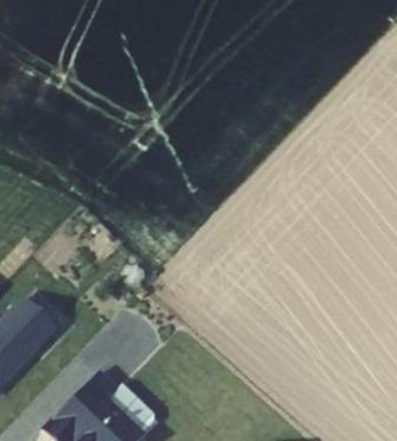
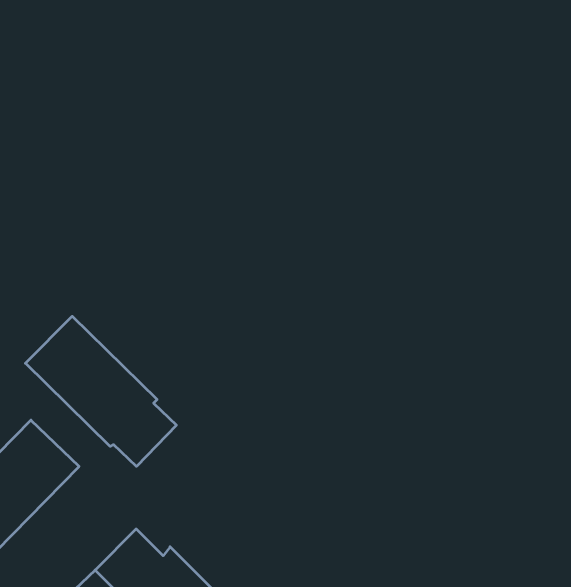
building: none -> [25,316,176,466]

